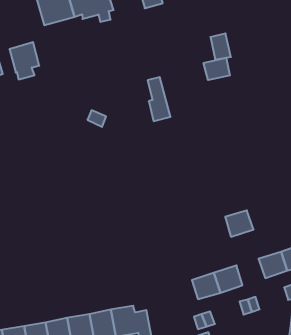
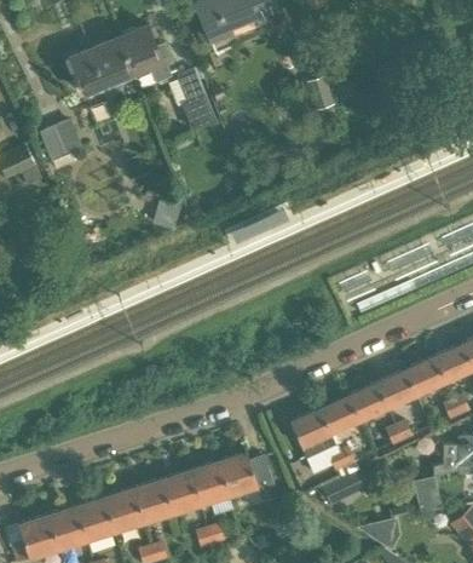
building: [204,58,230,80] -> none
building: [148,77,171,121] -> [179,70,215,130]
building: [225,210,254,237] -> [377,370,417,408]
building: none -> [292,409,336,459]

